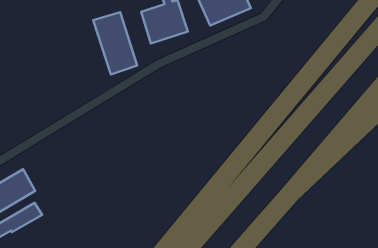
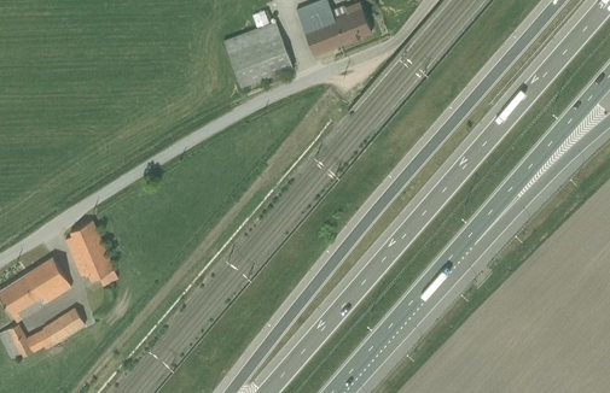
building: [93,12,137,75] -> none
building: none -> [63,218,112,285]

